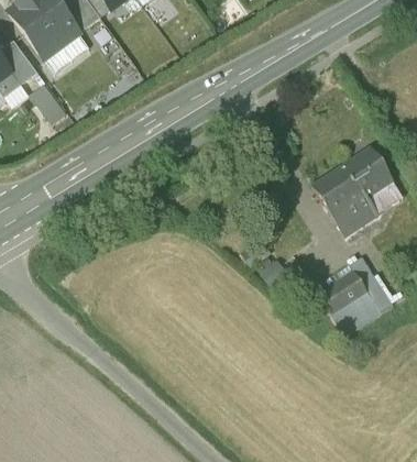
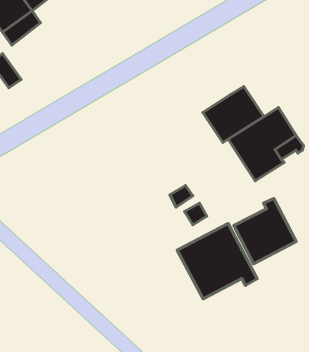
building: none -> [203,86,264,143]
building: none -> [177,223,257,299]

